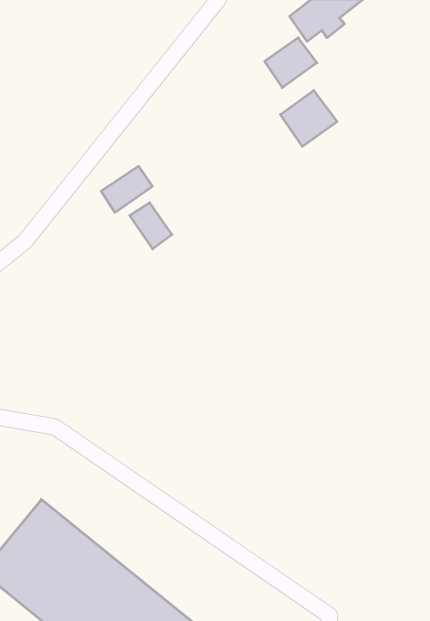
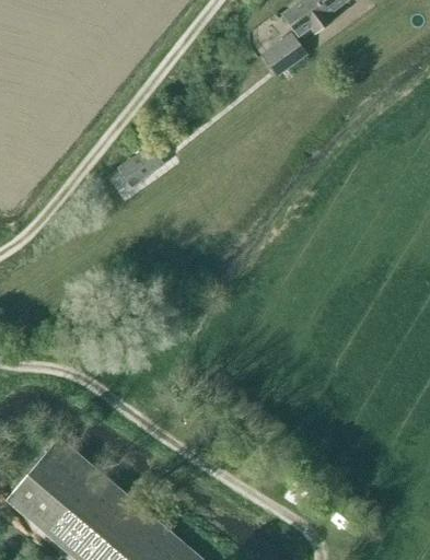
building: [280,90,337,146] -> none
building: [130,203,172,249] -> none

